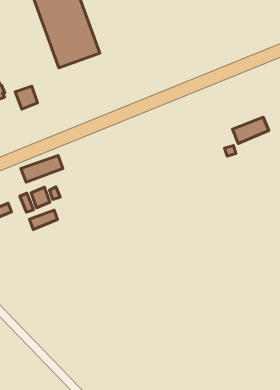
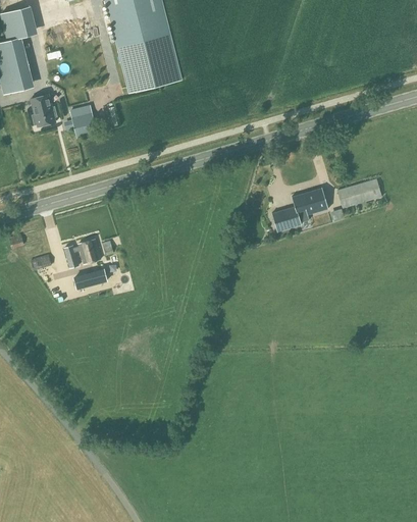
building: none -> [272,189,327,230]
building: [21,155,63,182] -> none

